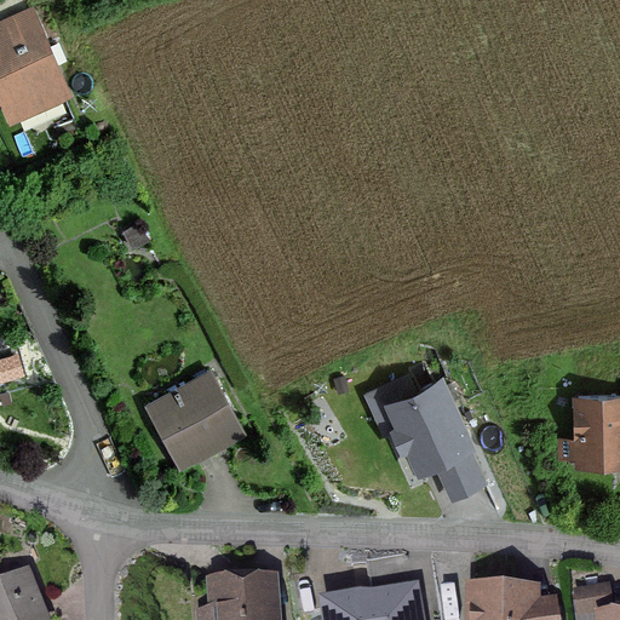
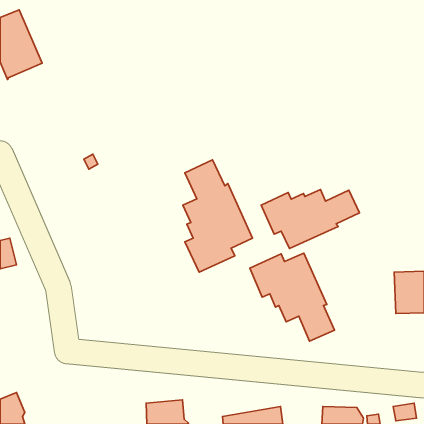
building: none -> [183,160,253,272]
building: none -> [261,190,359,248]
building: [145,372,241,460] -> none

